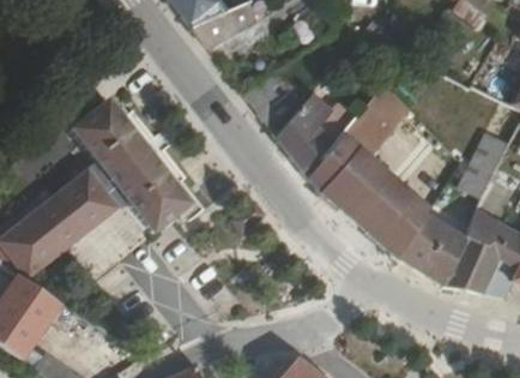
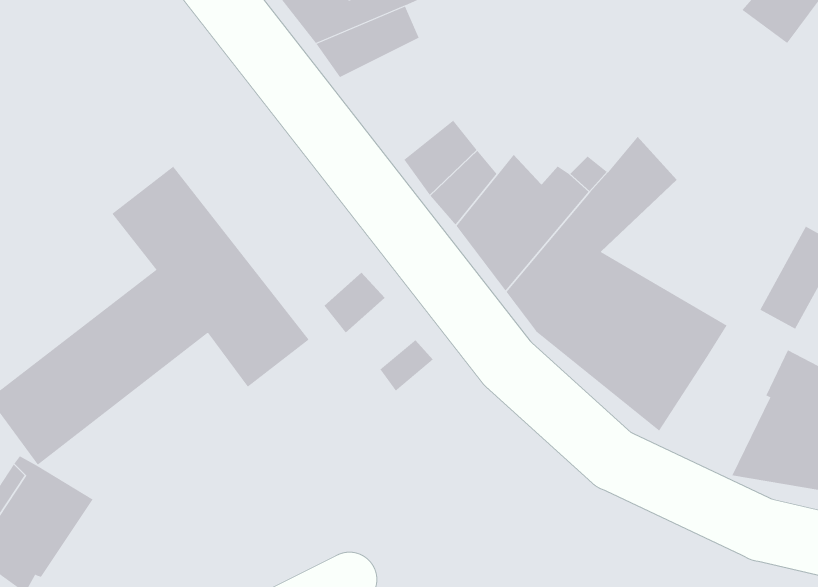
building: [399,216,465,287] -> none

